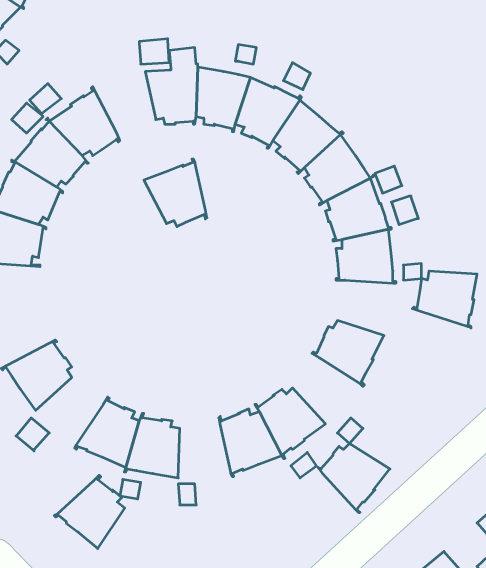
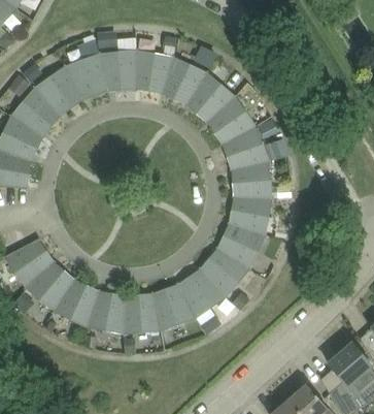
building: [144,159,207,227] -> [66,51,109,97]
building: [412,271,477,328] -> [227,196,271,235]
building: none -> [124,293,160,335]
building: [318,443,390,512] -> [199,250,248,297]
building: [54,475,125,549] -> [24,259,72,310]

